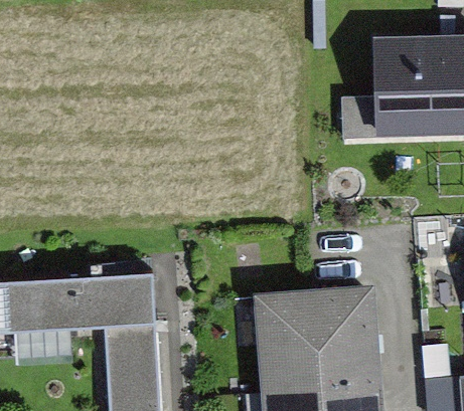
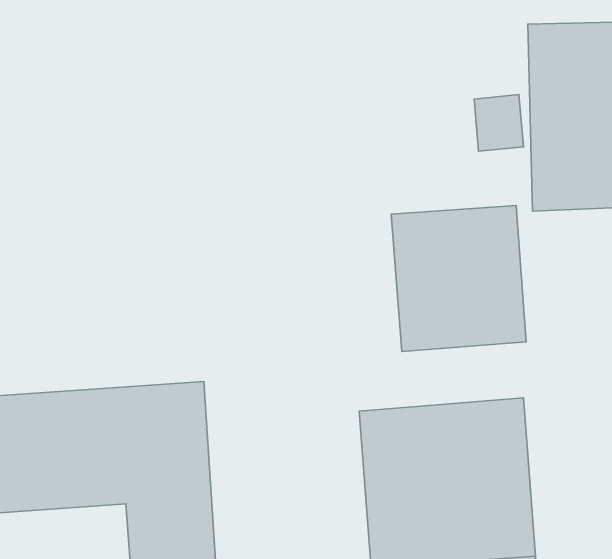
building: none -> [391,206,526,351]

